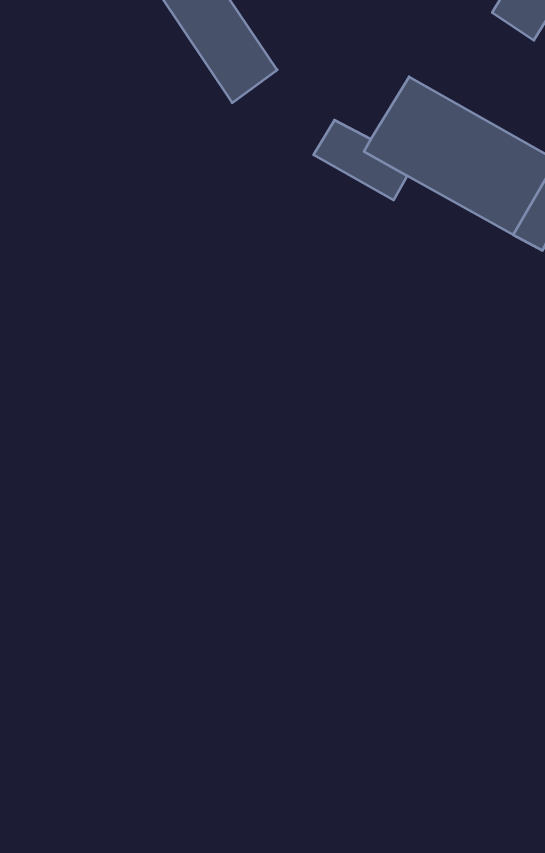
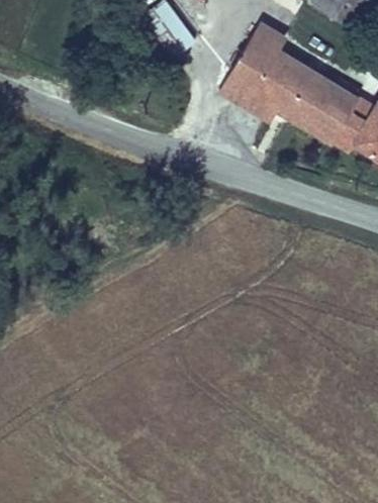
building: none -> [232,23,284,86]

